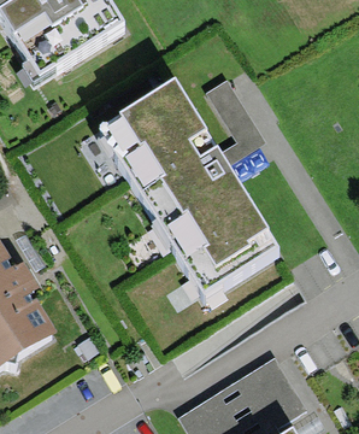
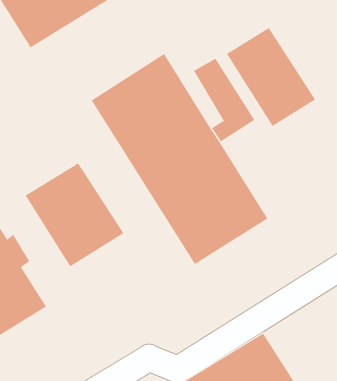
building: none -> [226,27,316,127]
building: none -> [25,162,124,267]

